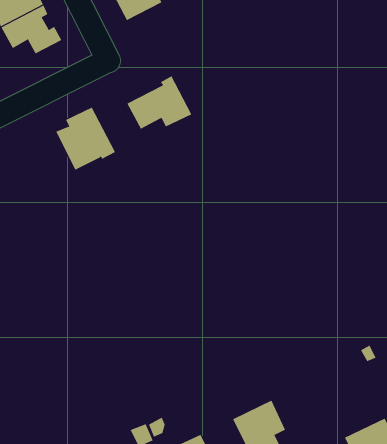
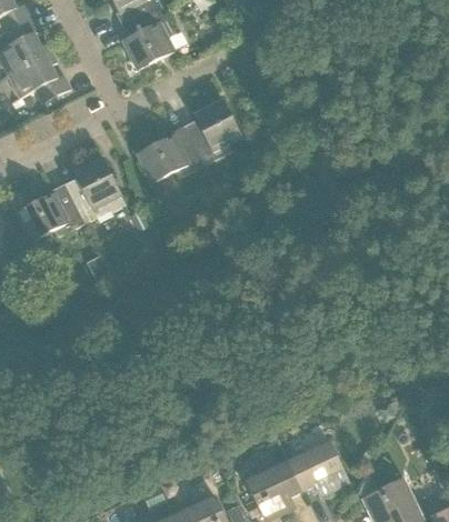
building: none -> [182,99,239,165]
building: none -> [16,183,82,240]
building: none -> [286,441,347,496]

